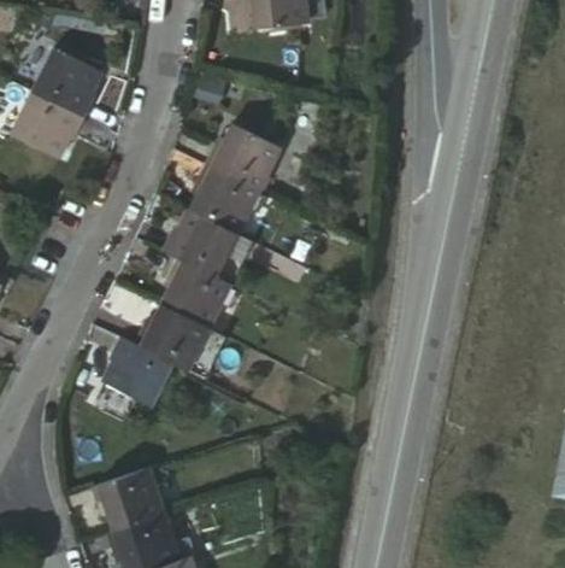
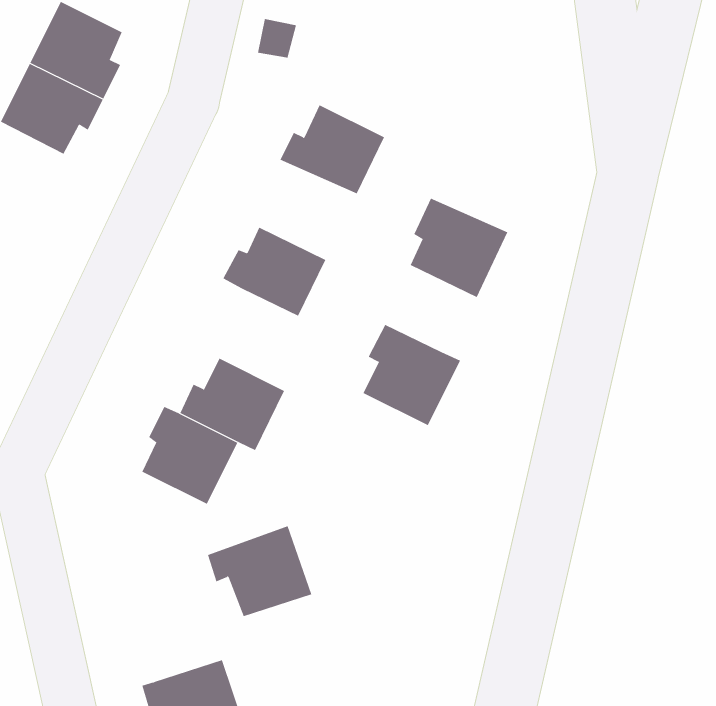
building: [192,163,260,233] -> [410,198,508,298]
building: [164,253,233,324] -> [362,324,461,426]
building: [93,464,166,528] -> [207,525,312,617]

